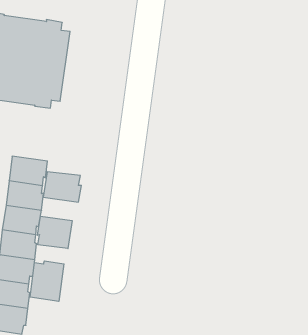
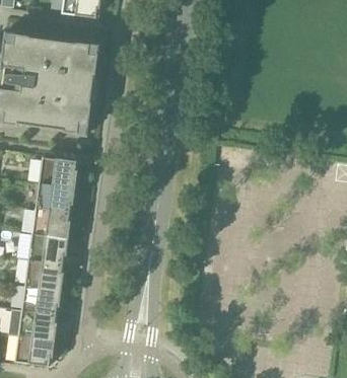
building: [43,172,81,202] -> [38,156,77,187]
building: [38,216,72,249] -> none
building: [30,261,64,301] -> none

